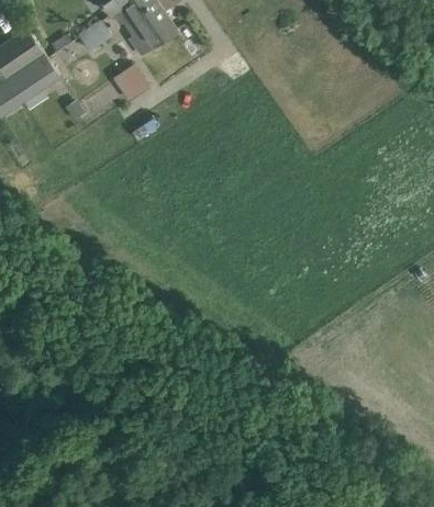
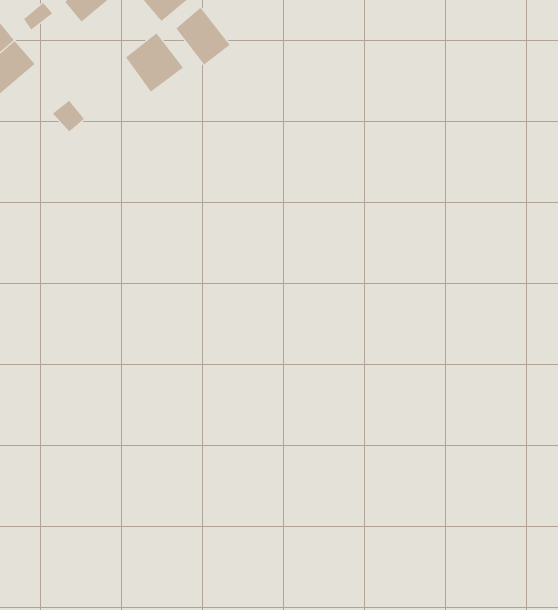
building: none -> [176,7,230,66]

